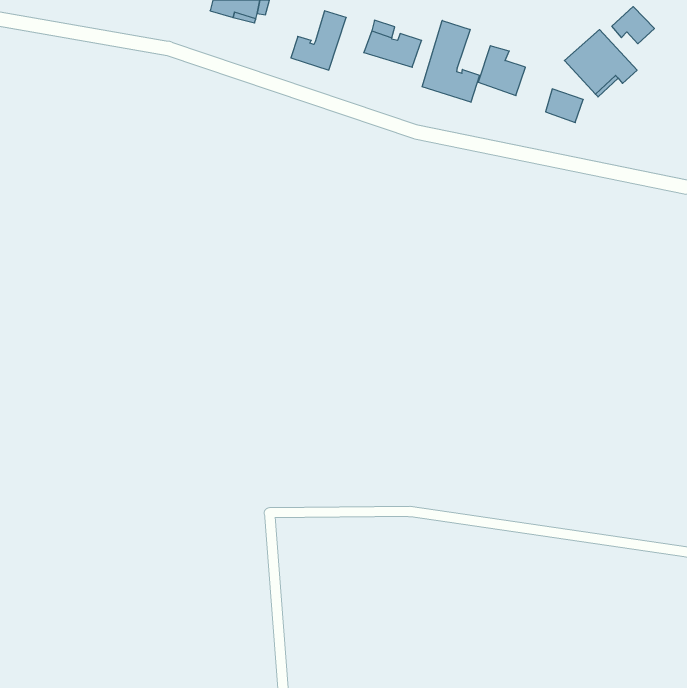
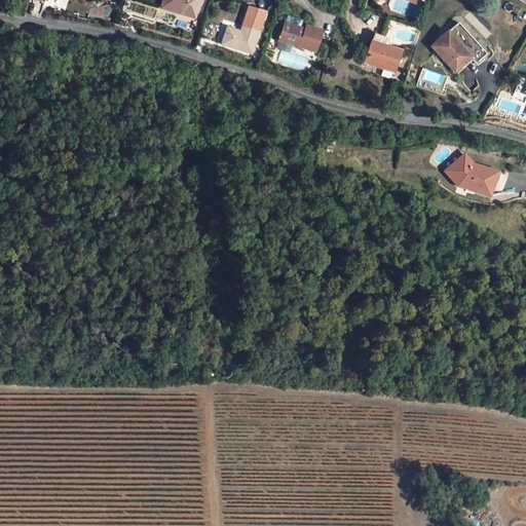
building: [612,7,654,44] -> none
building: [422,20,480,102] -> none
building: none -> [445,154,496,195]

